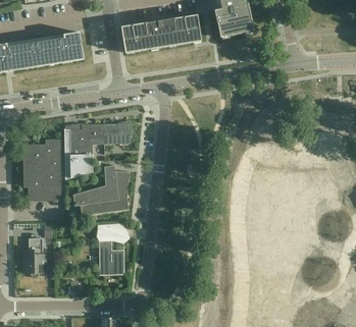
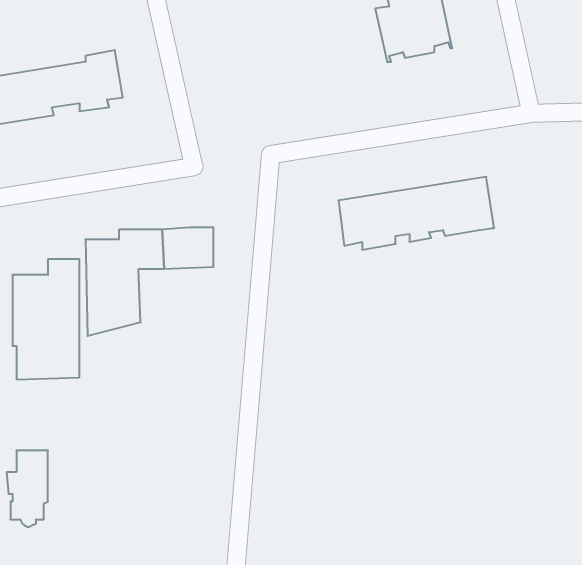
building: [120,13,201,51] -> [338,177,494,250]
building: [72,164,129,215] -> none
building: [98,225,123,274] -> none

